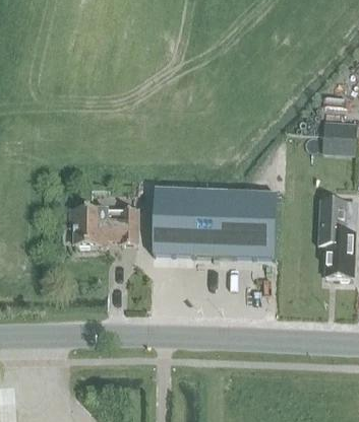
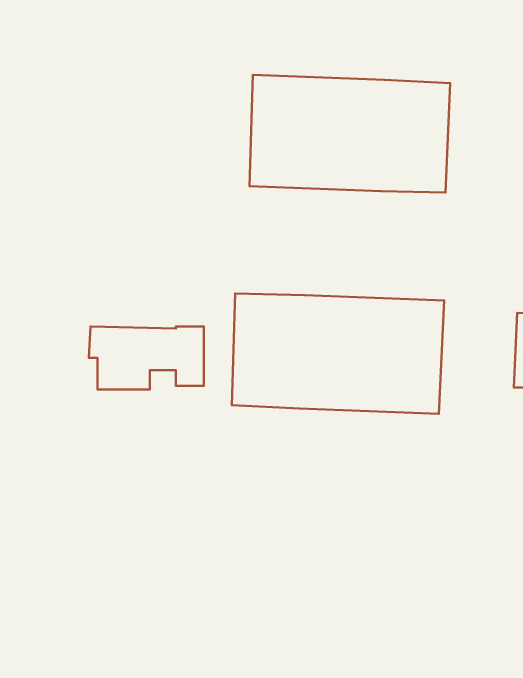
building: none -> [249,75,450,193]

